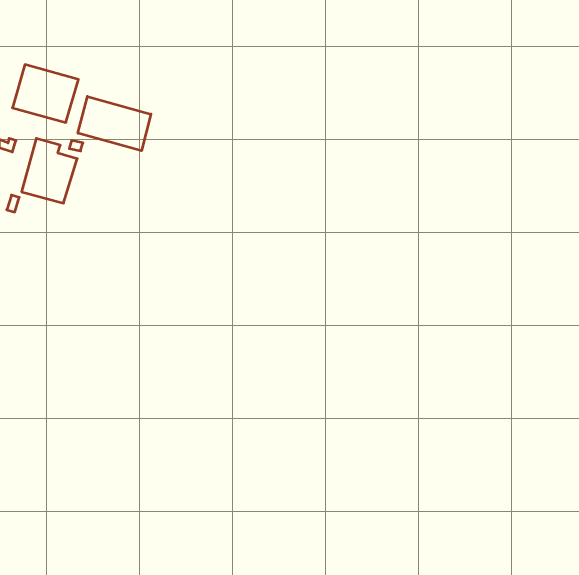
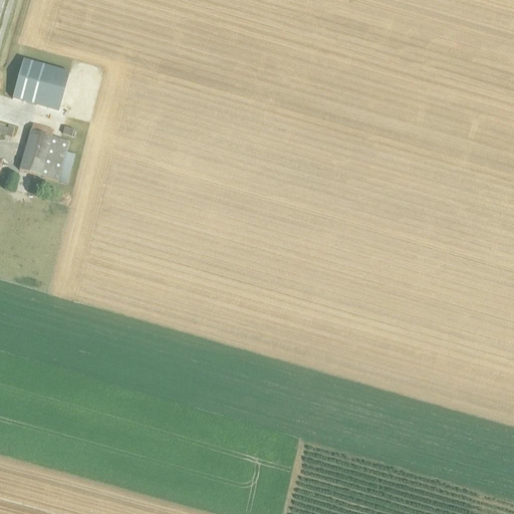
building: [78,96,151,151] -> none

